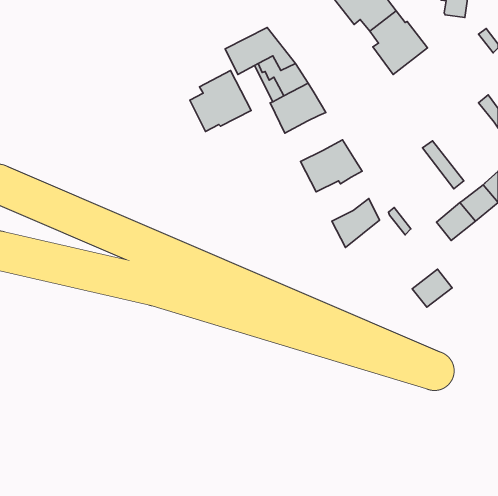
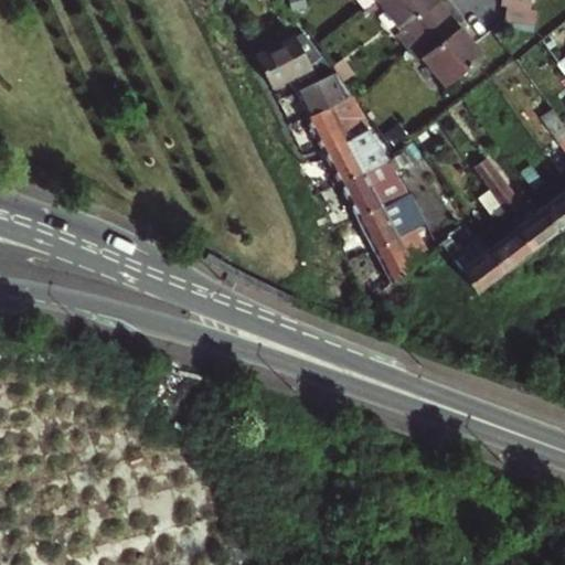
building: [190,70,251,131] -> none
building: none -> [321,127,386,182]
building: none -> [356,193,427,249]
building: [412,269,452,307] -> [463,250,509,294]

